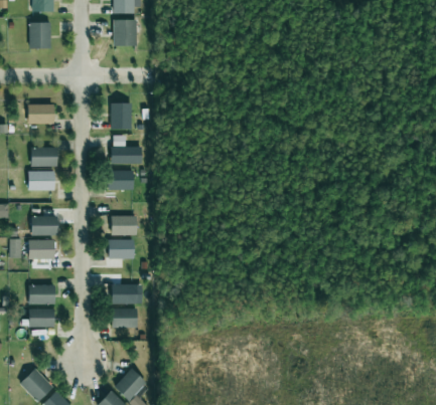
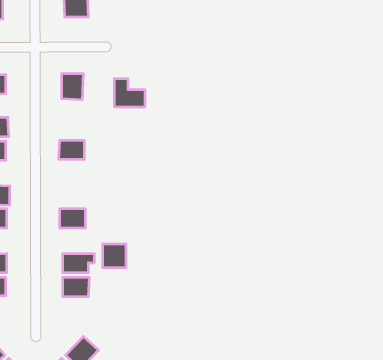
building: [111,135,142,163] -> [114,79,145,107]
building: [111,215,137,234] -> none
building: none -> [103,244,126,268]

